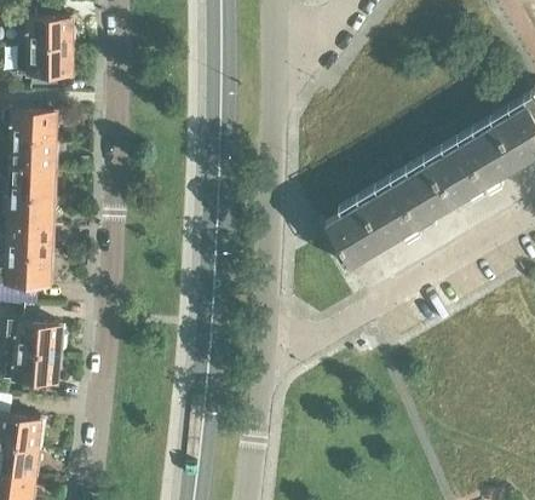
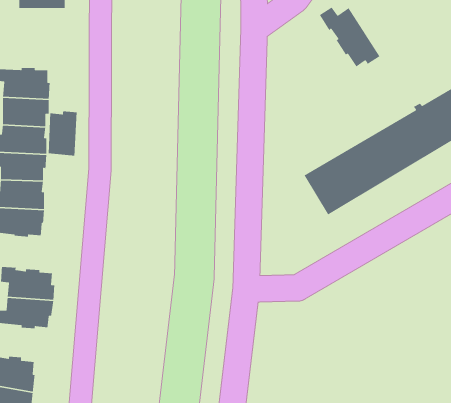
building: none -> [319,7,380,67]
building: [19,50,75,82] -> none
building: none -> [48,111,77,157]

